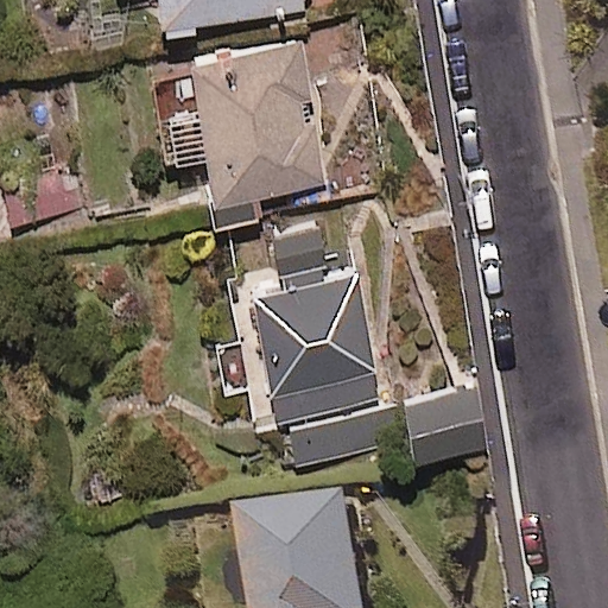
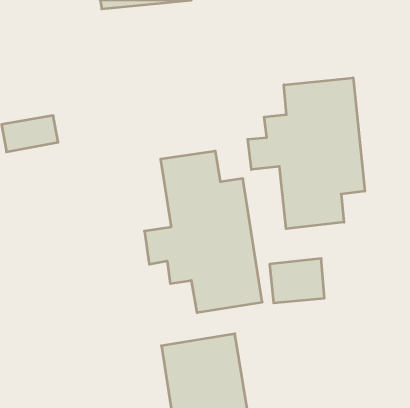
building: [151,40,322,221] -> none
building: none -> [248,78,365,229]

